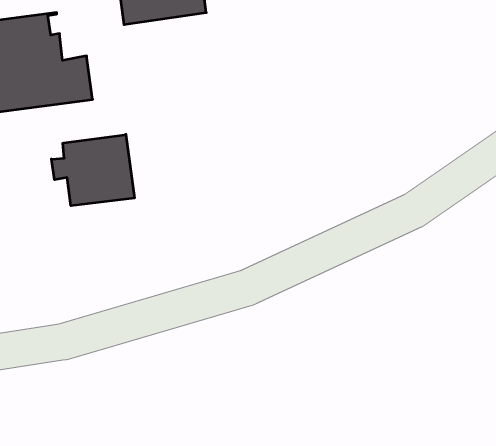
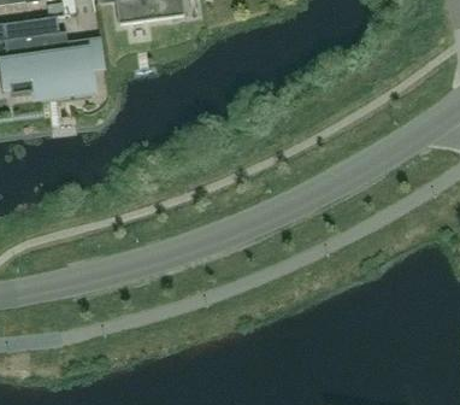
building: [51,134,134,206] -> none

